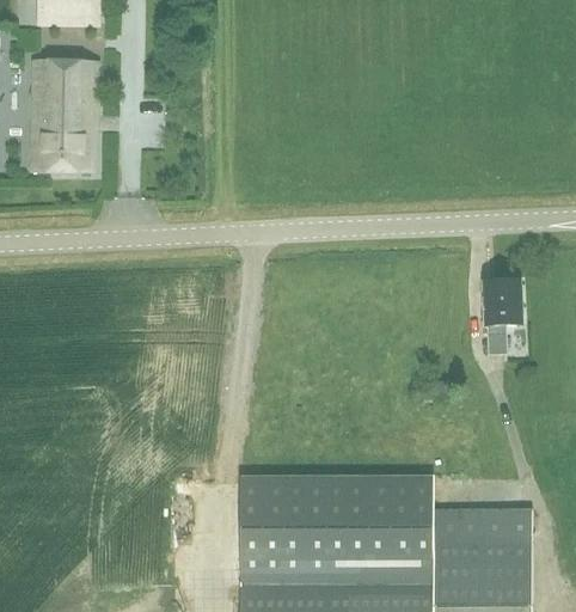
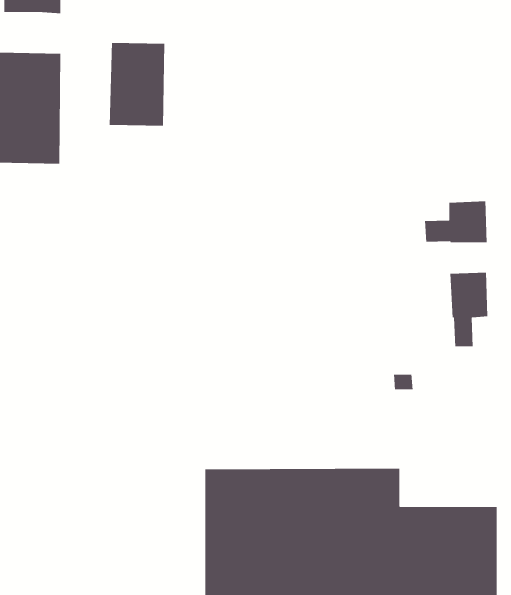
building: none -> [109,42,165,127]
building: none -> [425,201,487,243]

